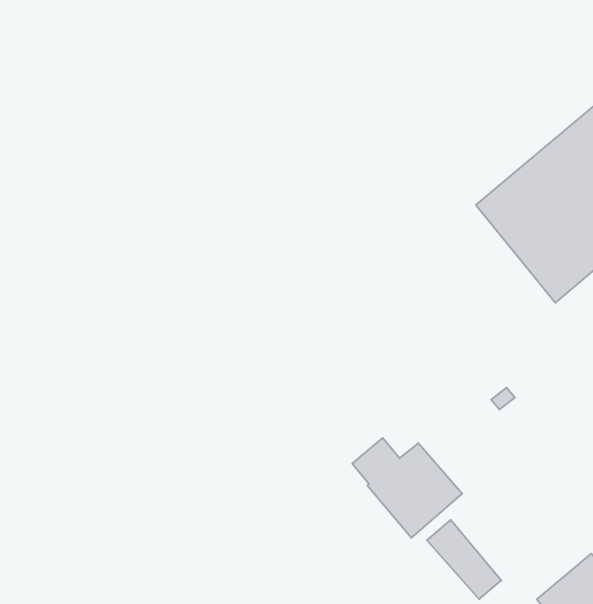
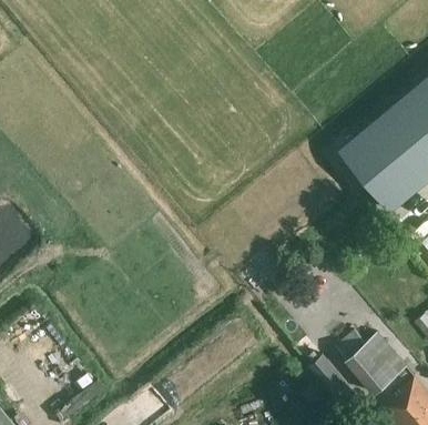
building: [352,438,462,538] -> [334,331,406,396]

